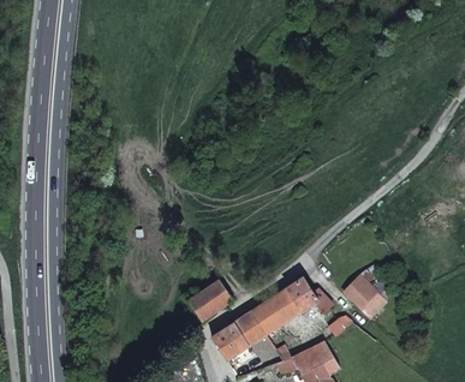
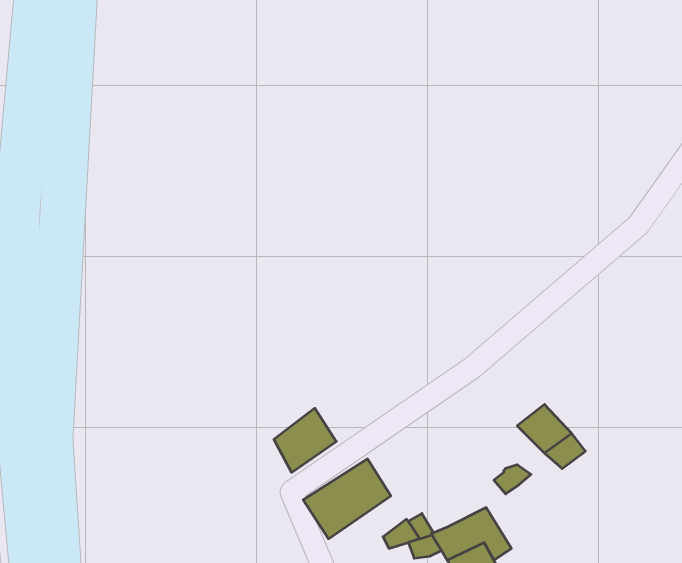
building: [251,276,333,334] -> none

